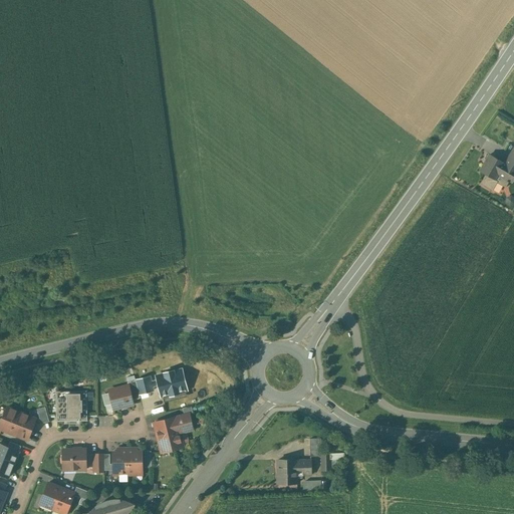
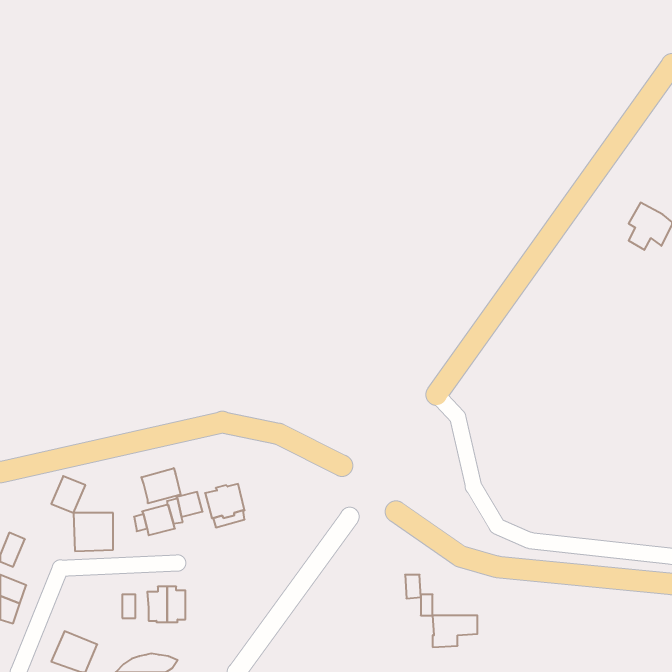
building: none -> [141,468,180,503]
building: [10,412,36,440] -> [51,476,85,513]
building: [154,414,193,453] -> none
building: [61,449,85,470] -> none
building: [277,460,311,484] -> [433,615,477,647]

